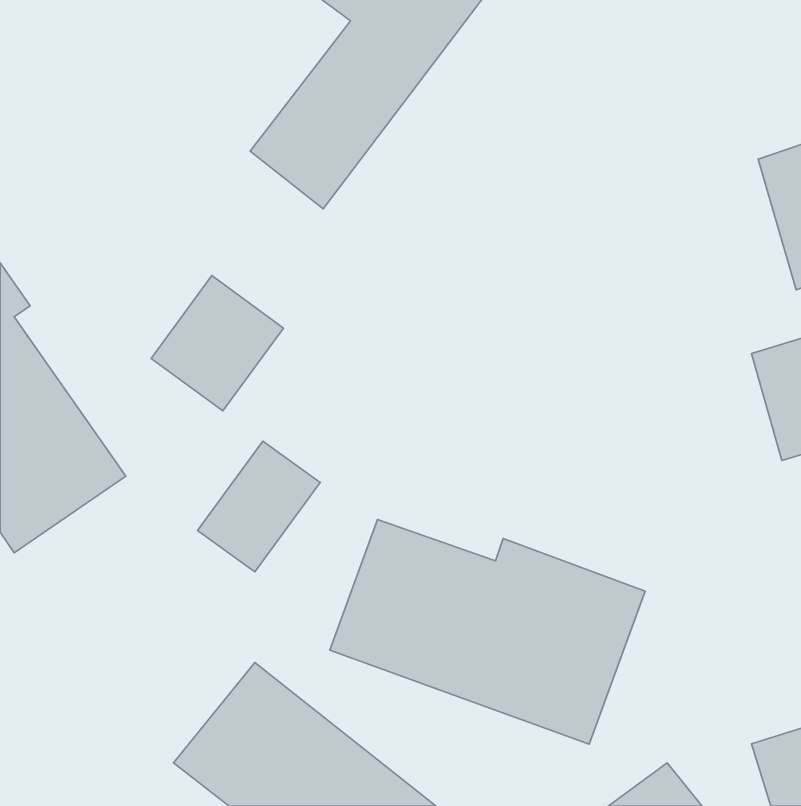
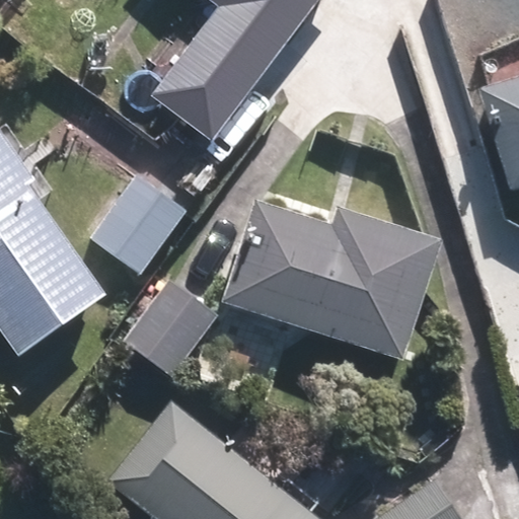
building: [330,519,645,744] -> [228,216,429,359]

